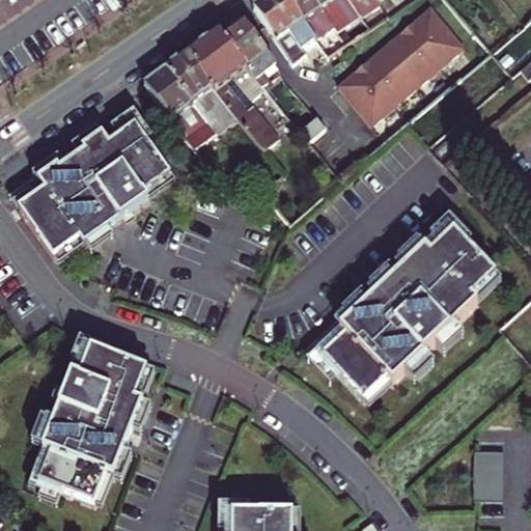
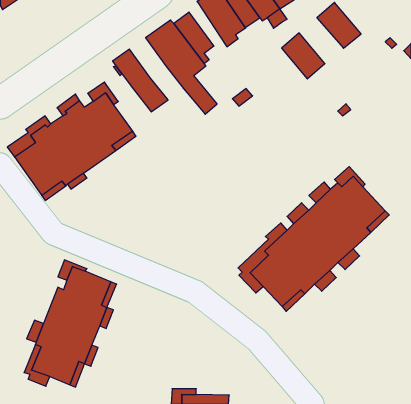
building: [386,23,443,82] -> none
building: [167,49,236,130] -> none
building: [339,62,396,121] -> none
building: [479,447,508,497] -> none

